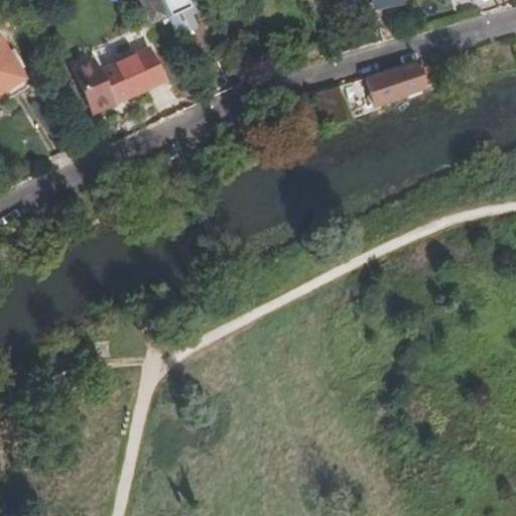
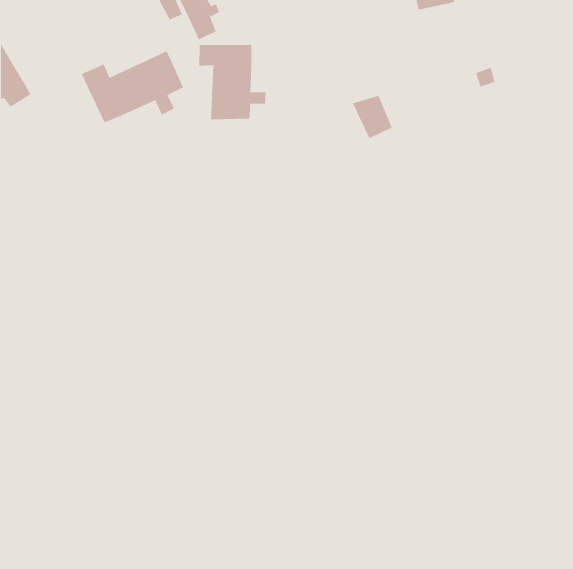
building: none -> [199,44,266,120]
building: [368,62,427,103] -> none

